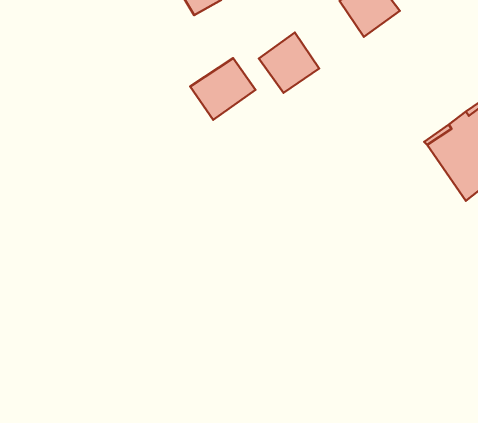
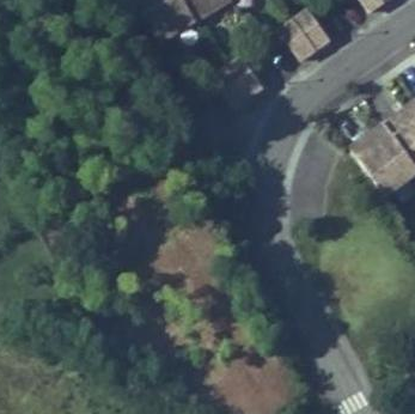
building: [190,58,255,120] -> none

